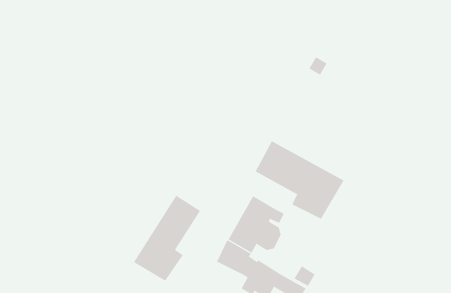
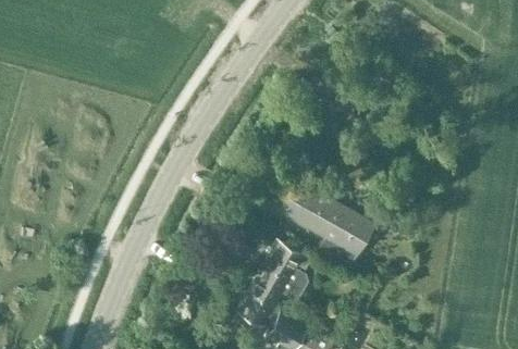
building: [133,195,201,281] -> none

